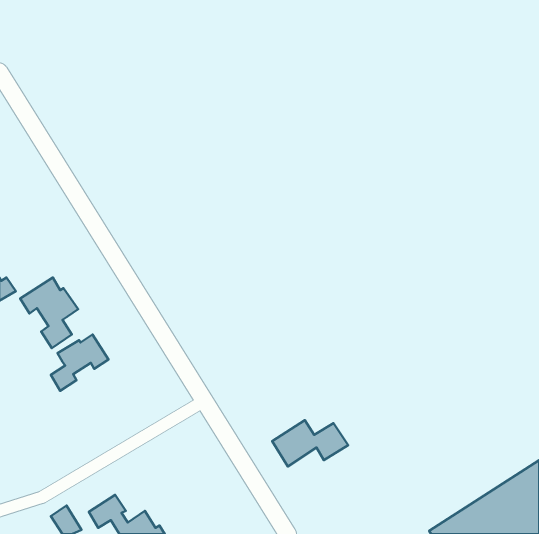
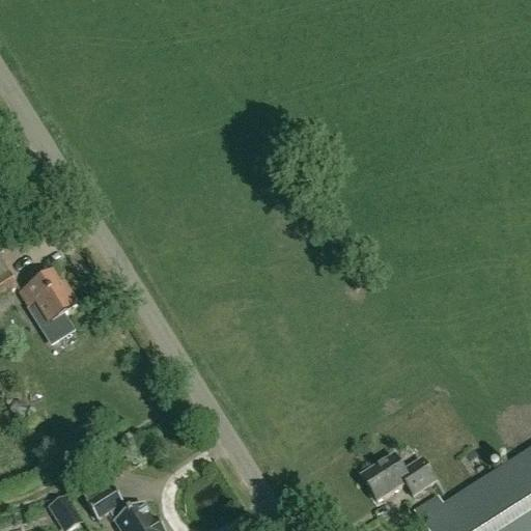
building: [51,334,109,391] -> none
building: [272,420,348,466] -> [360,455,435,501]

